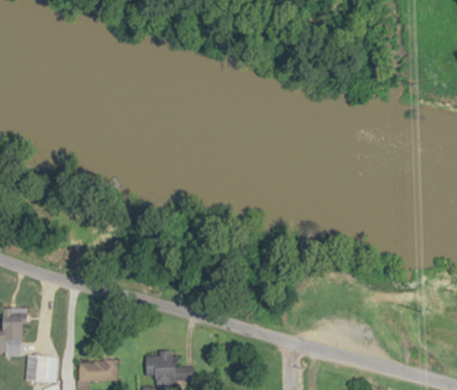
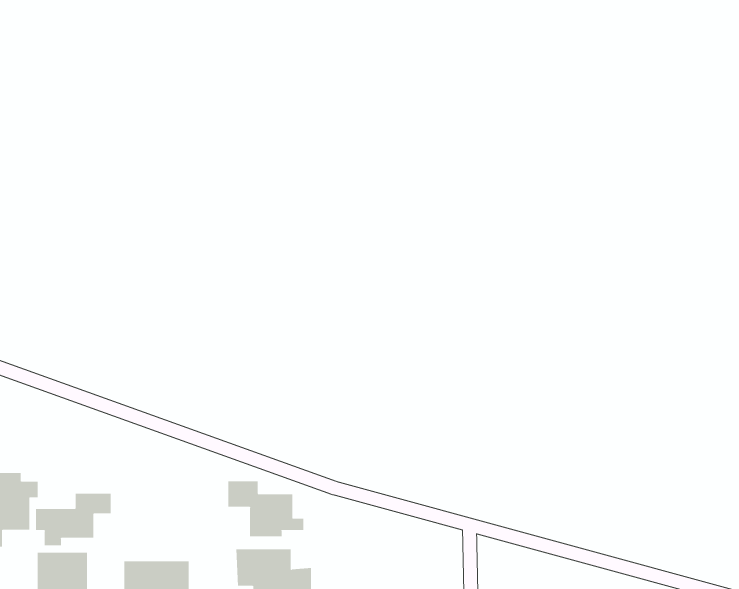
building: none -> [228,481,304,537]
building: none -> [36,493,111,546]

